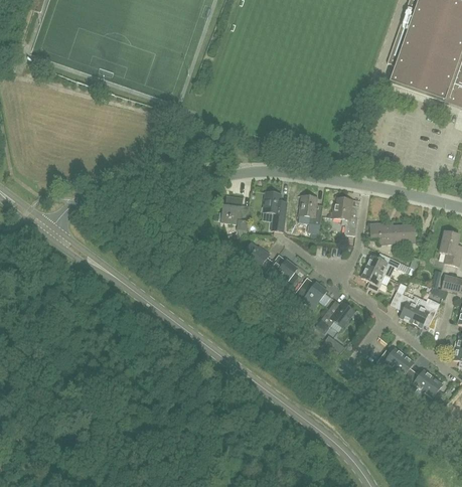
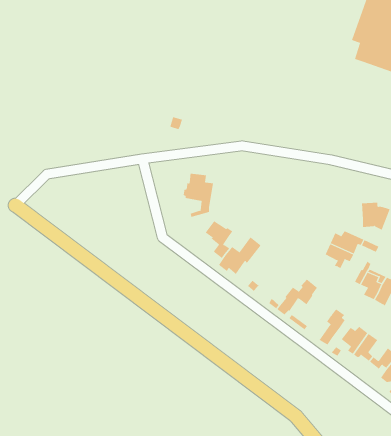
building: [262,189,288,230] -> none
building: [298,193,321,232] -> none
building: [332,197,358,234] -> none
building: [370,221,398,241] -> none
building: [290,281,327,307] -> none
building: none -> [319,308,346,346]

